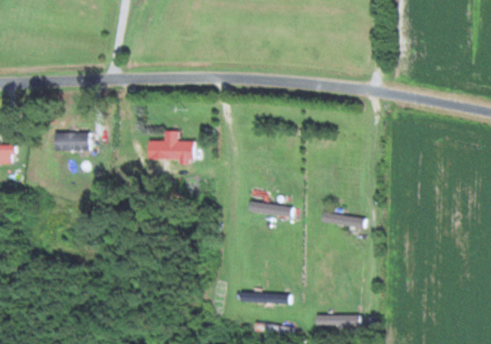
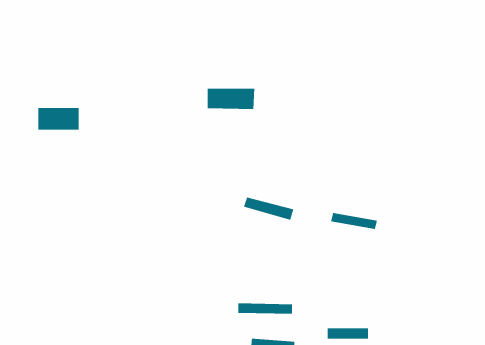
building: [146,142,189,161] -> [207,88,255,110]

